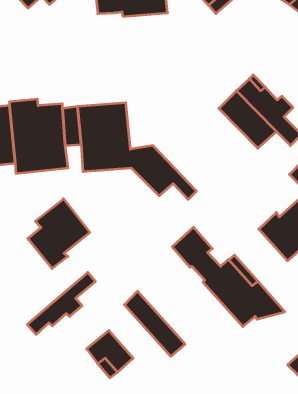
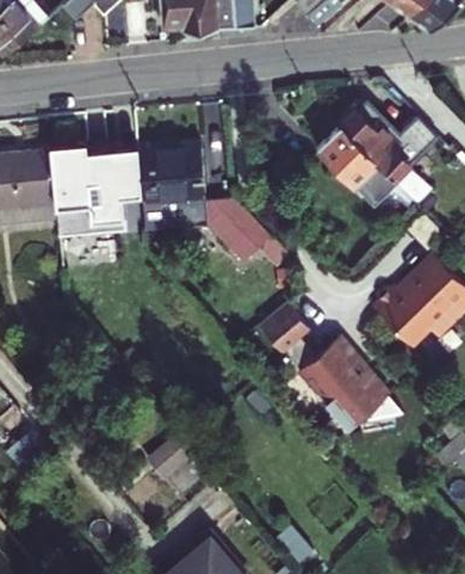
building: [28,199,90,269] -> none
building: [27,272,95,334] -> none
building: [124,291,185,356] -> none

